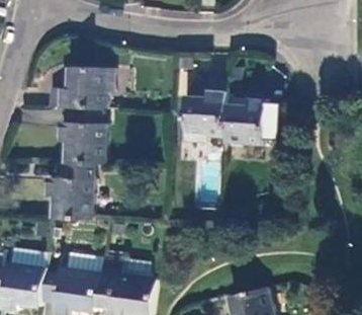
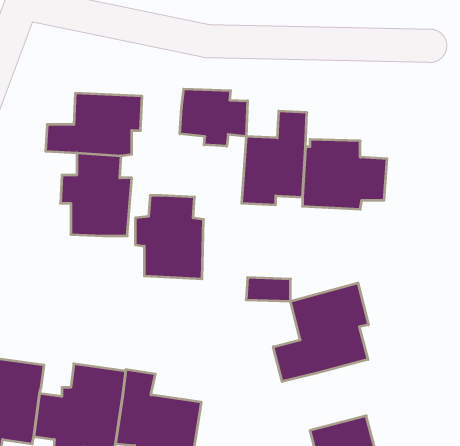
building: none -> [180,89,248,146]
building: [50,162,96,219] -> [135,196,204,279]
building: none -> [273,283,368,382]

